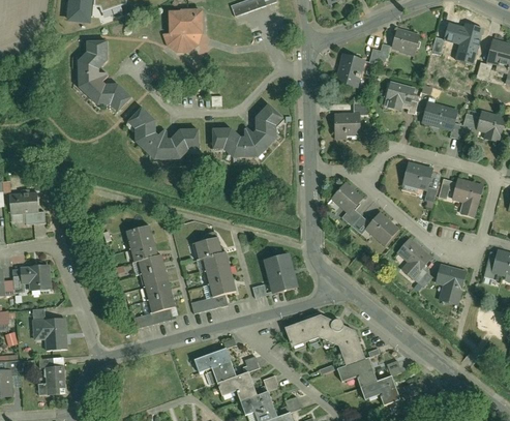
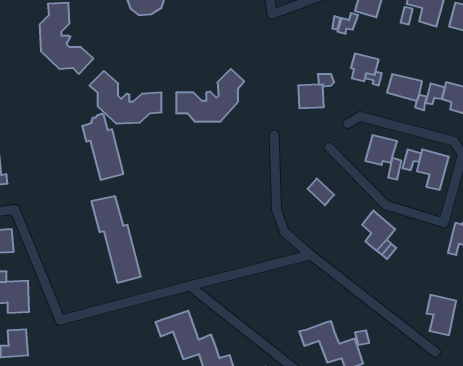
building: [334,50,363,83] -> none
building: [331,187,362,218] -> none
building: [365,217,399,250] -> none
building: [196,235,237,301] -> [82,114,123,180]
building: [266,258,299,297] -> none
building: [437,270,467,310] -> [426,295,456,335]
building: [282,312,363,363] -> none

